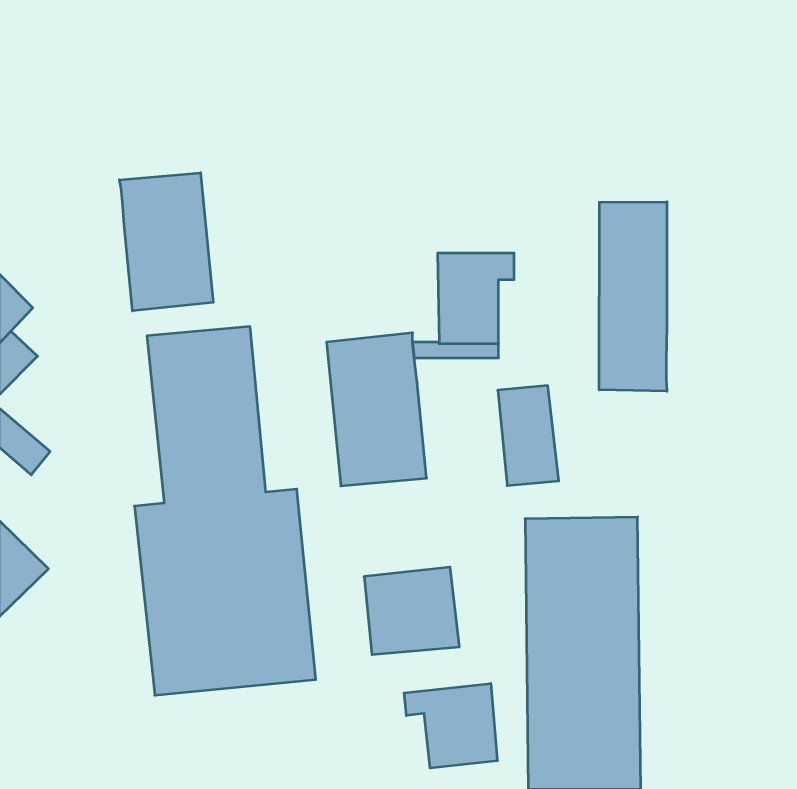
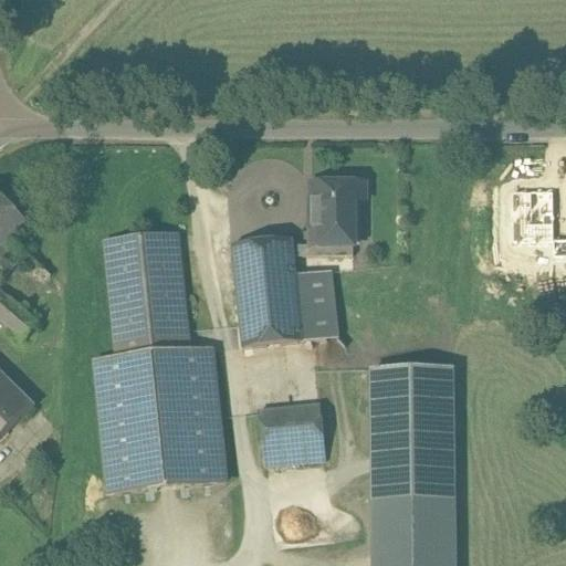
building: [119,173,213,311] -> none
building: [599,202,667,391] -> none
building: [498,386,559,486] -> [295,268,338,338]
building: [404,683,497,768] -> none

